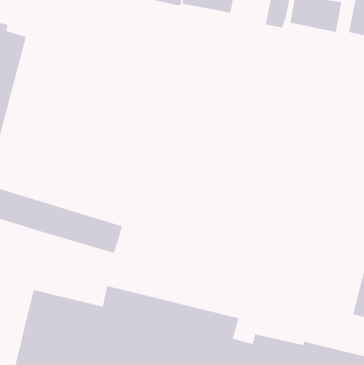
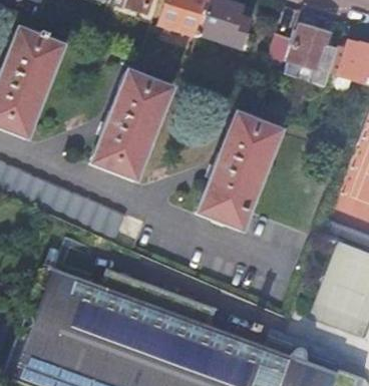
building: none -> [93,71,172,180]
building: none -> [199,114,281,231]

